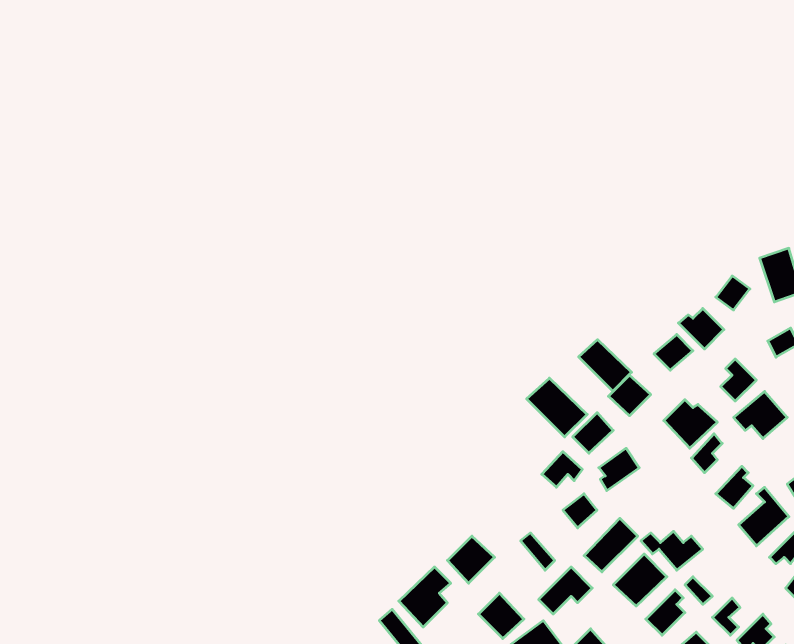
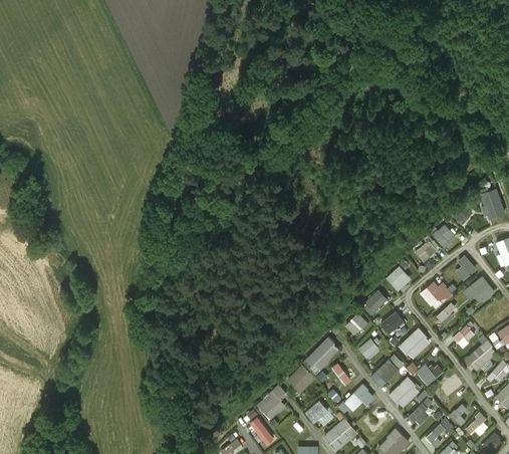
building: [579,340,632,391] -> none
building: [527,378,587,437] -> none
building: none -> [399,327,431,360]
building: none -> [303,336,340,374]

